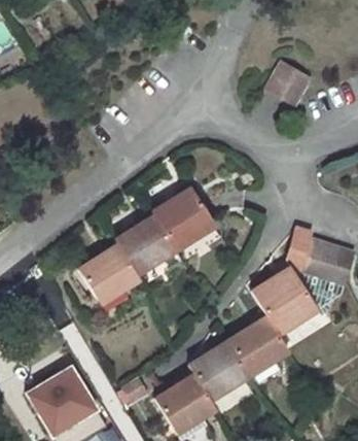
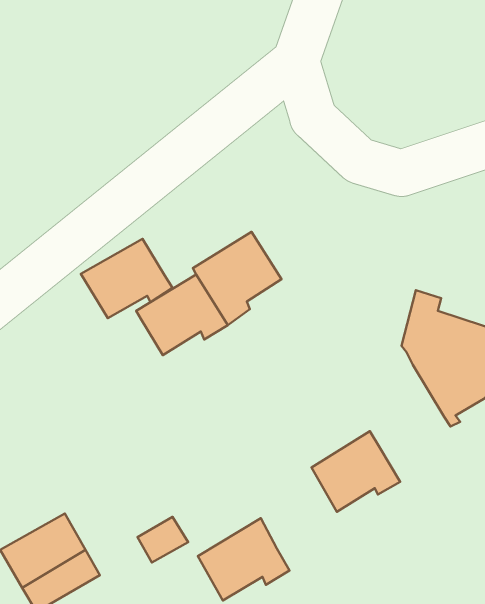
building: [270,61,312,103] -> none
building: [79,245,139,297] -> [81,239,173,318]
building: [252,267,317,329] -> none
building: [191,342,250,395] -> none

